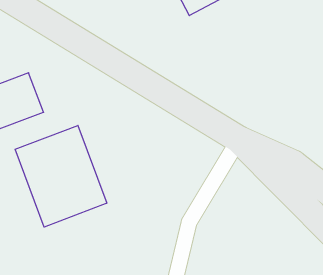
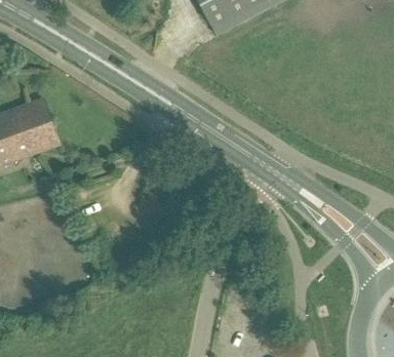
building: [15,125,107,227] -> none

